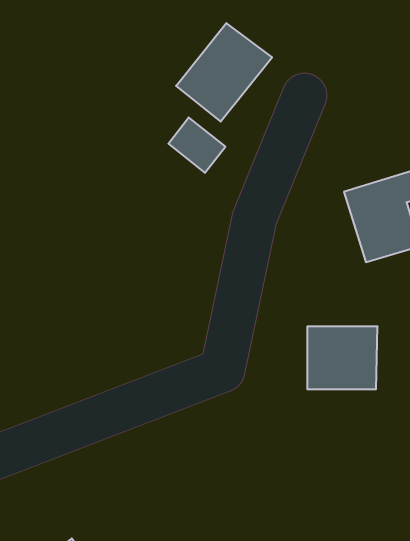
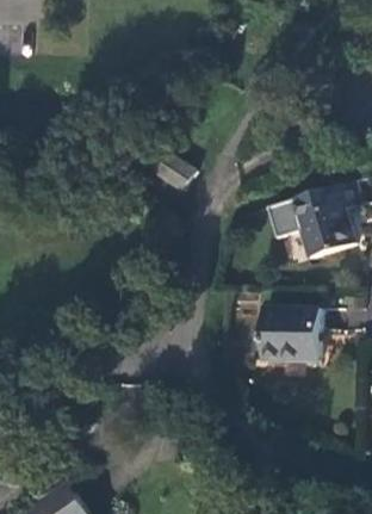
building: [176,23,272,122] -> none

